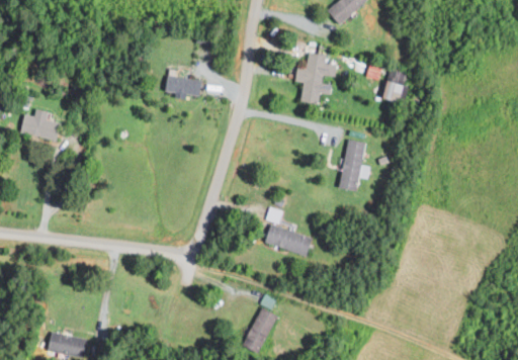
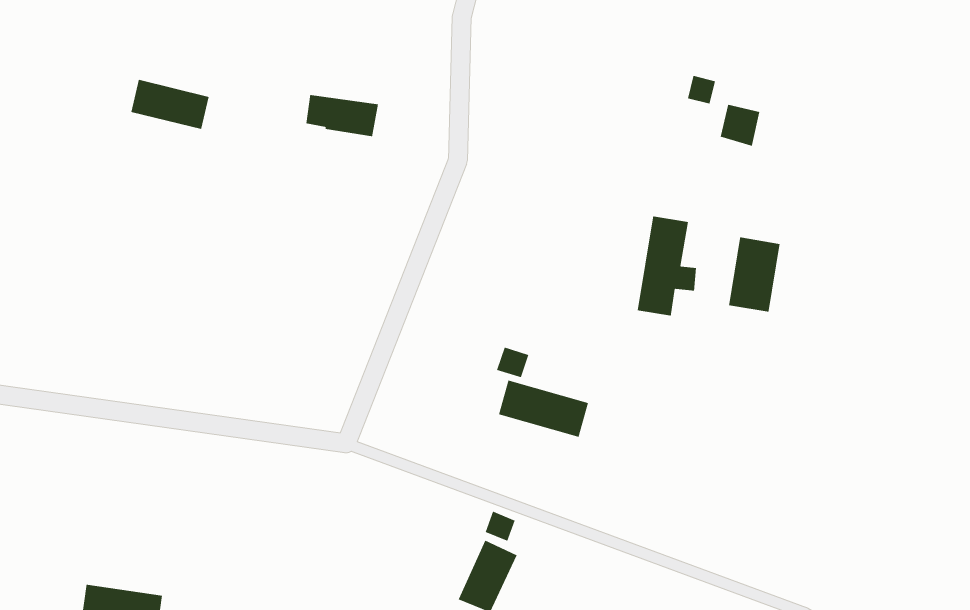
building: [295,52,339,103] -> none
building: [21,114,63,141] -> [130,79,209,129]
building: none -> [729,237,780,313]

